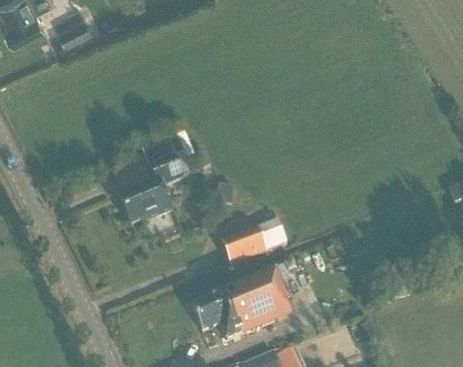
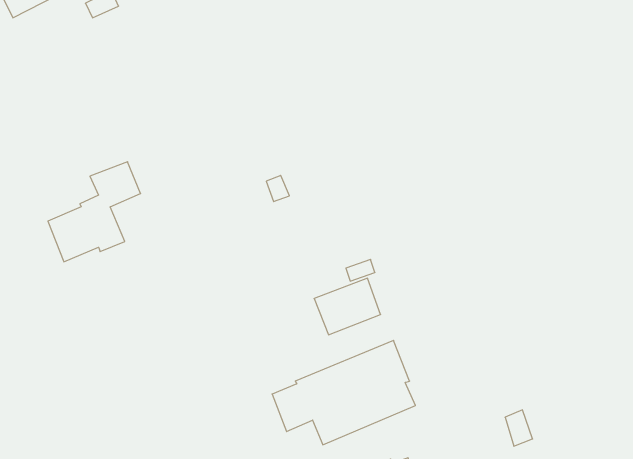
building: [121,154,185,224] -> [48,162,141,262]

